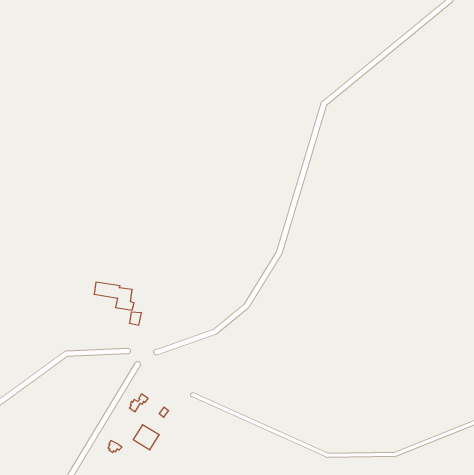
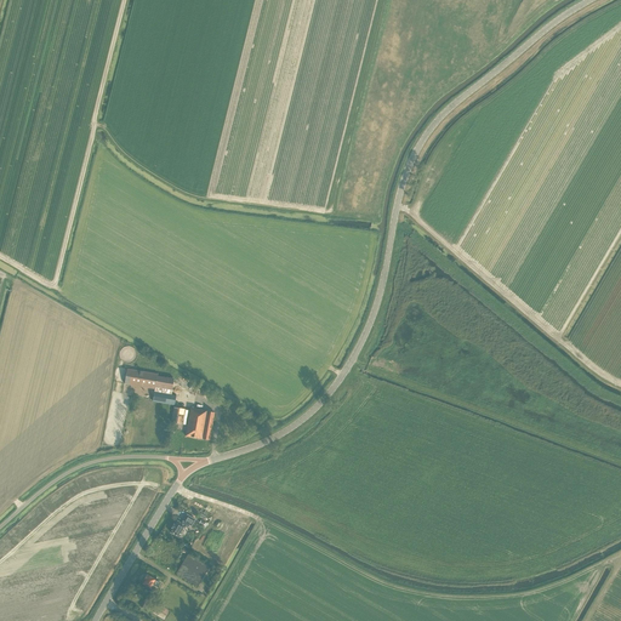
building: none -> [183,406,212,439]

